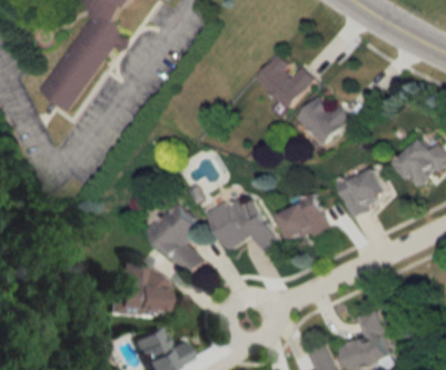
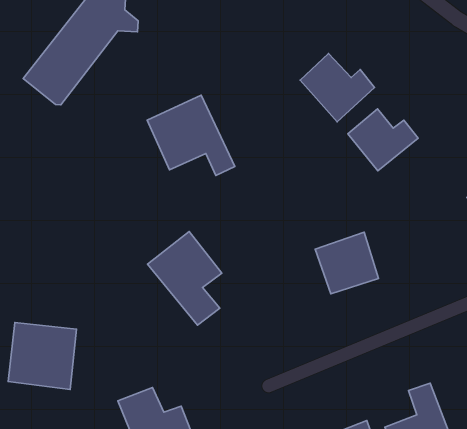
building: [336,167,387,216] -> none
building: [206,190,277,252] -> [147,95,235,175]
building: [112,267,163,317] -> [8,322,77,389]

